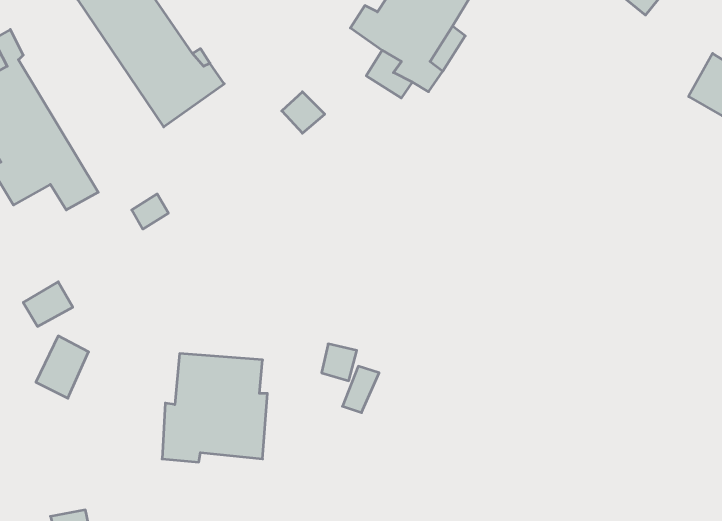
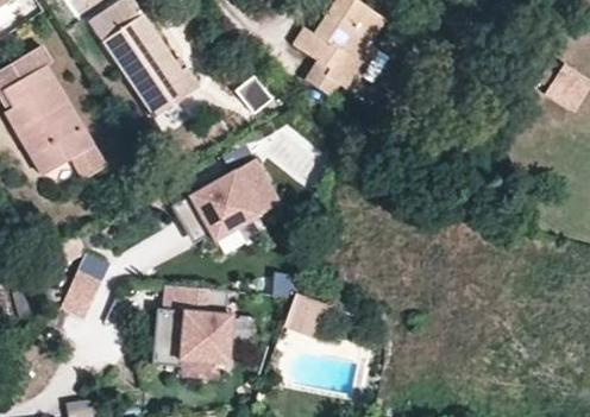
building: none -> [174,159,280,254]

